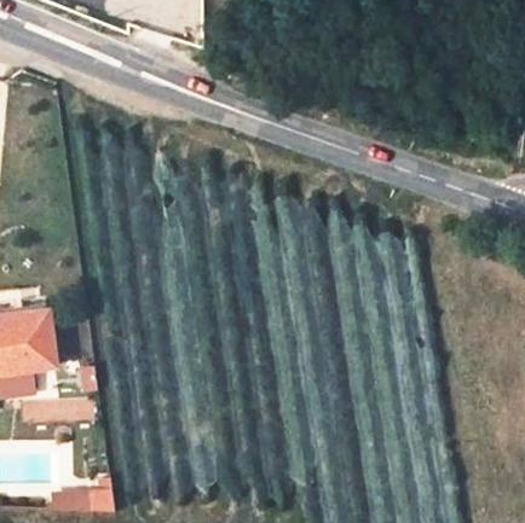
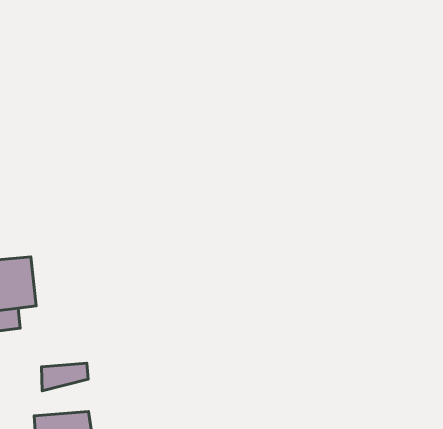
building: none -> [41,363,88,391]

